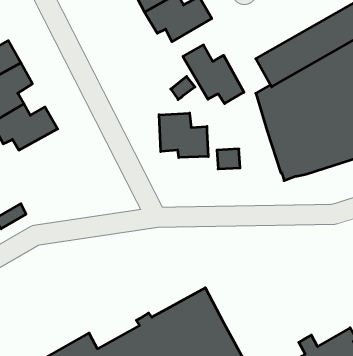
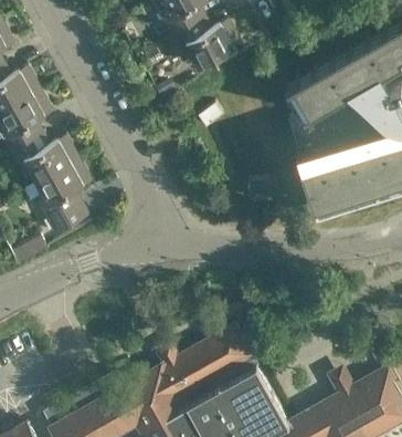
building: [183,45,244,104] -> none
building: [159,113,208,158] -> none
building: none -> [36,162,92,237]

